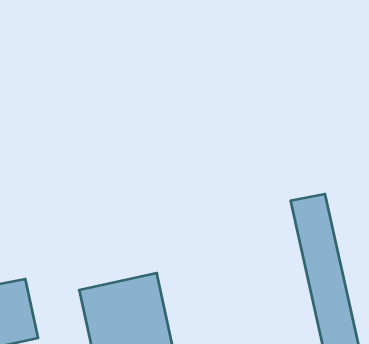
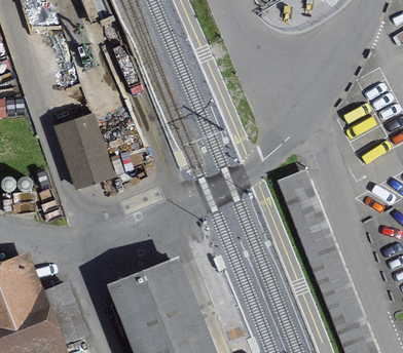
building: none -> [56,115,112,188]

